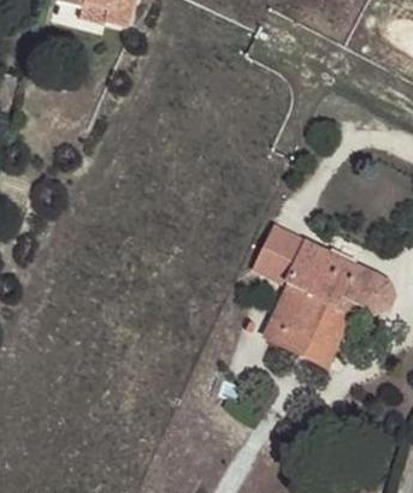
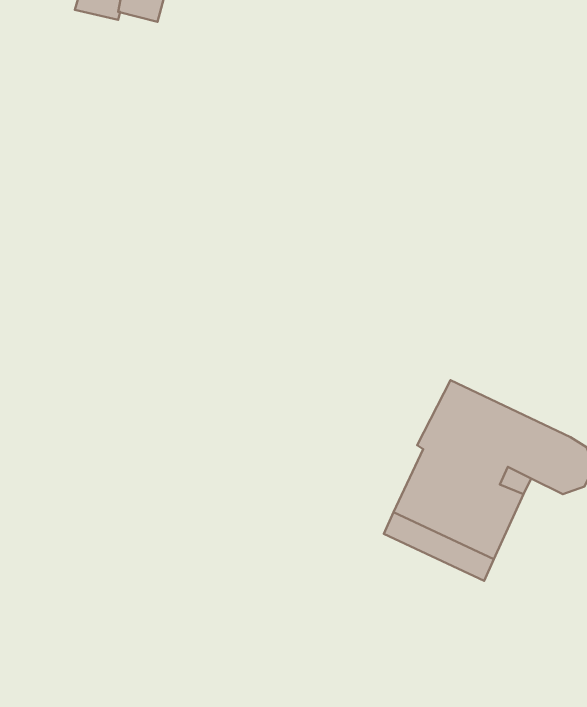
building: [253,226,299,280] -> none

